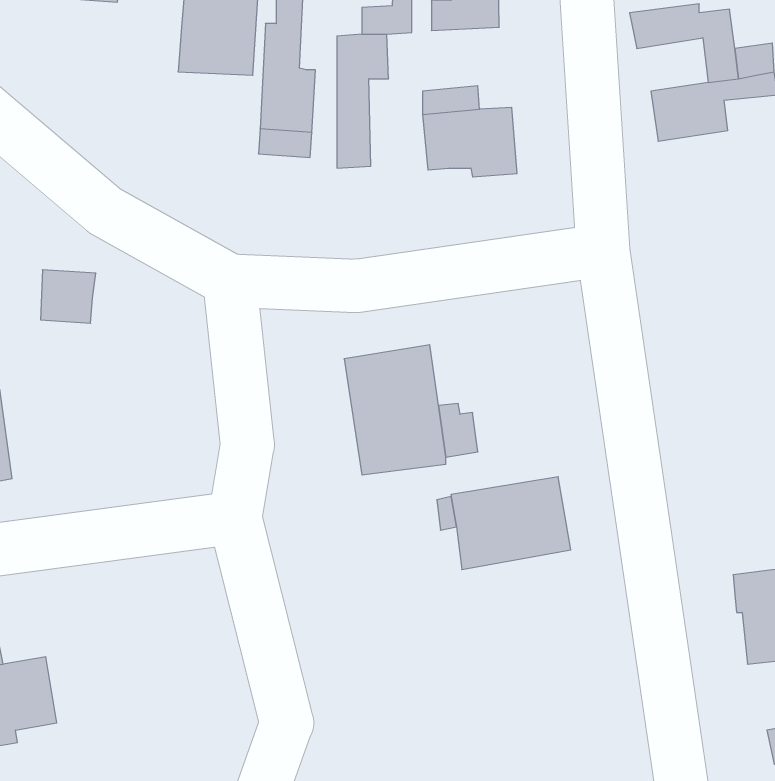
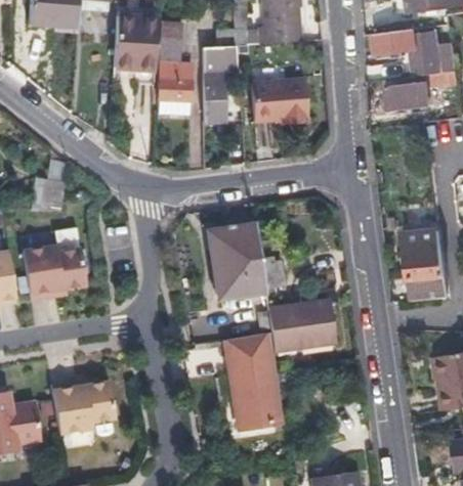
building: none -> [402,227,447,298]
building: none -> [24,244,87,298]
building: none -> [226,333,284,448]
building: none -> [52,379,117,433]

